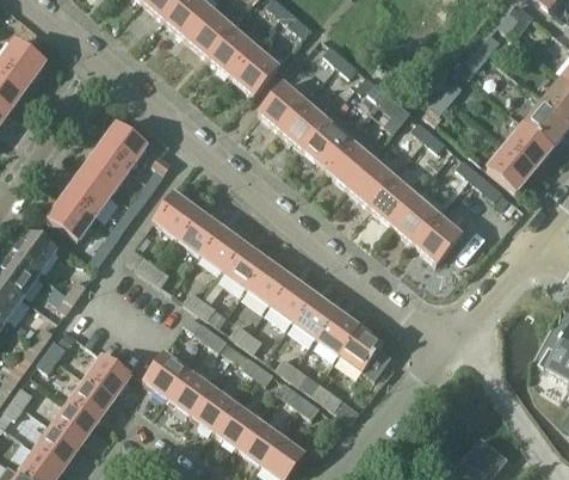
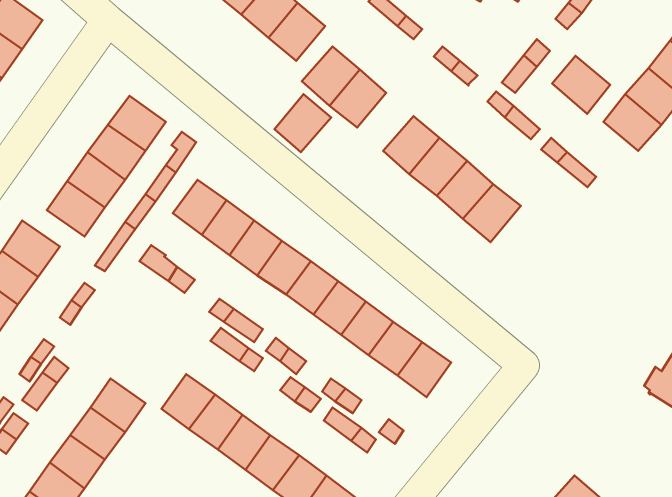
building: [304,119,351,167] -> [275,94,331,152]
building: [488,143,536,191] -> [552,56,610,114]
building: [414,213,462,261] -> none

